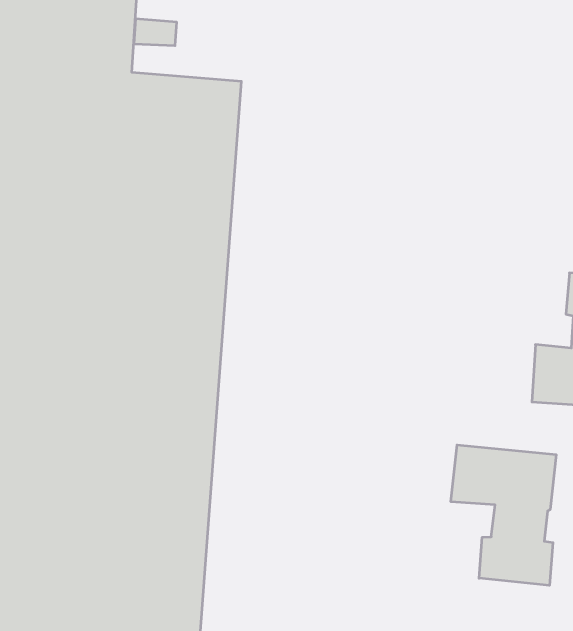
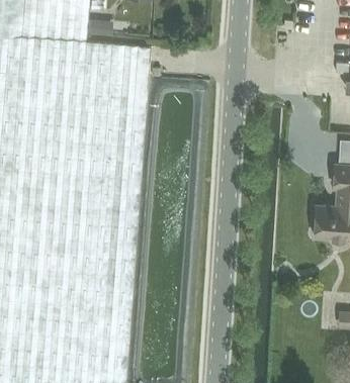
building: [451,445,556,585] -> none

